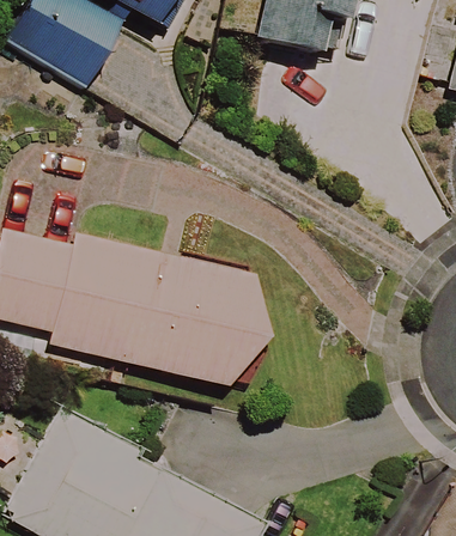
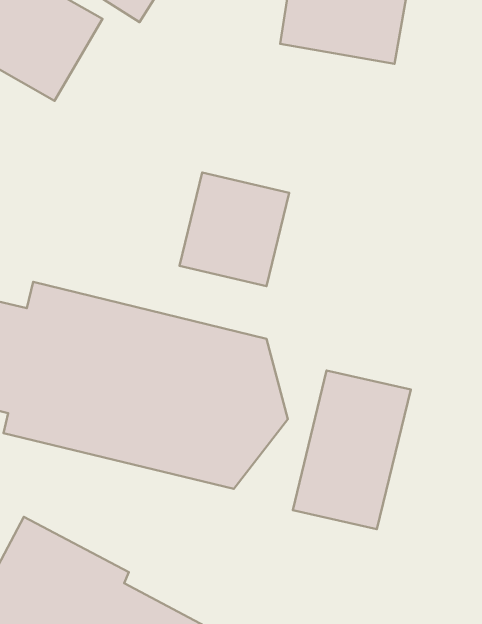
building: none -> [179,173,289,286]
building: none -> [293,370,411,529]

